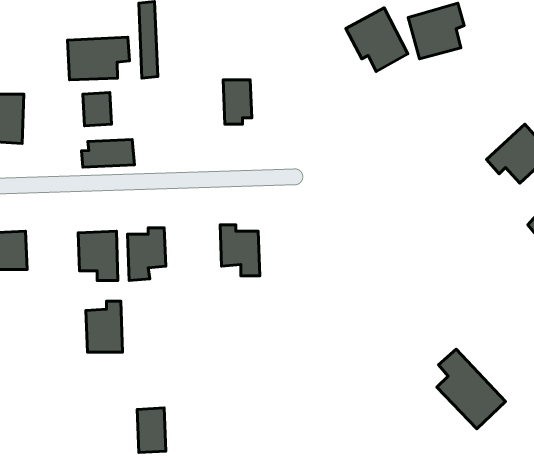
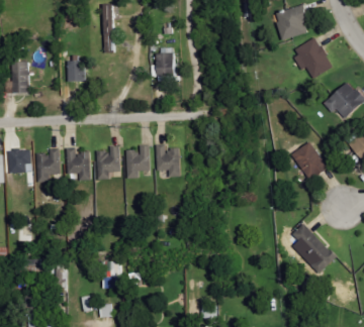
building: [346,8,408,71] -> [291,36,331,77]
building: [68,37,129,80] -> none
building: [81,139,135,167] -> none
building: none -> [290,141,327,180]
building: none -> [124,145,149,179]
building: [86,301,123,352] -> [34,148,58,181]

